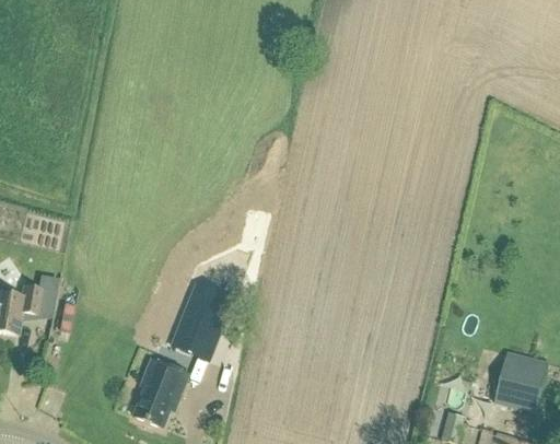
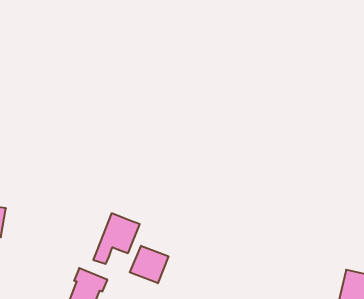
building: none -> [130,246,168,283]

